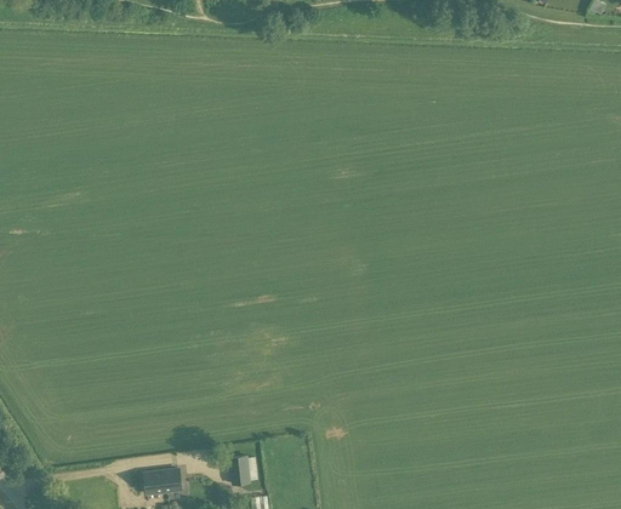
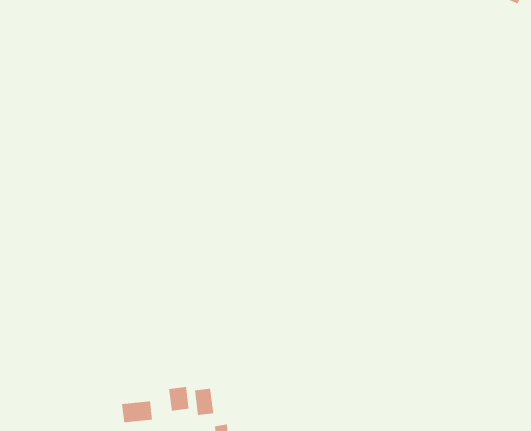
building: none -> [169,386,189,411]

